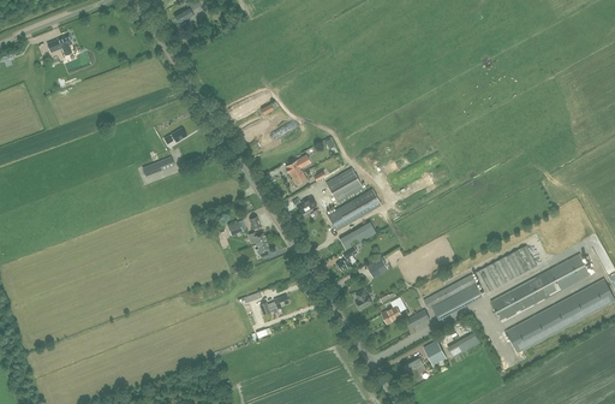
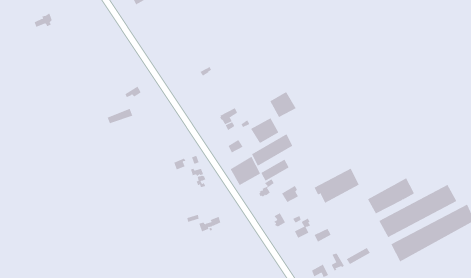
building: none -> [269,91,296,118]
building: none -> [230,156,261,186]
building: [423,273,482,319] -> [314,168,360,204]

